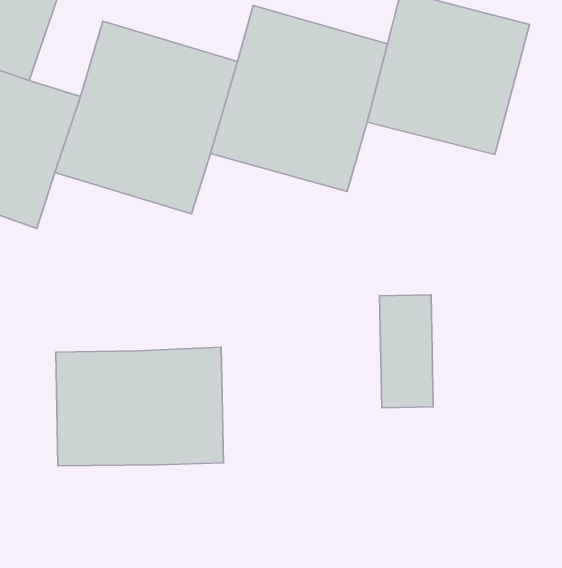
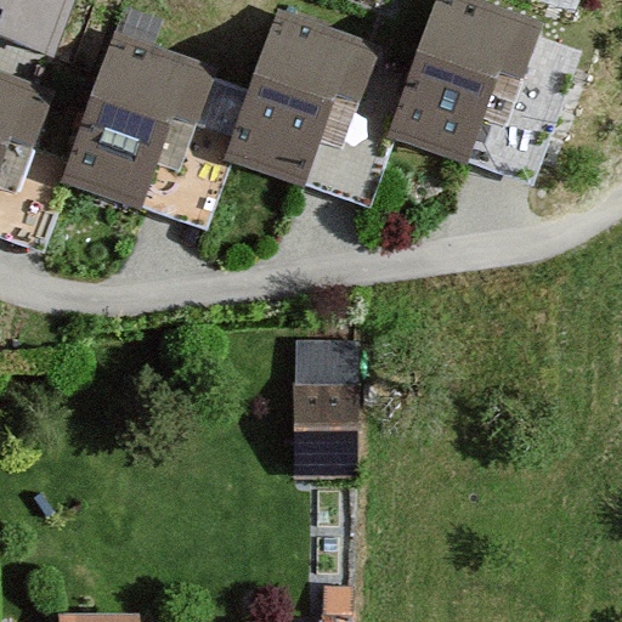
building: [380,295,433,408] -> [287,340,345,463]
building: [56,347,224,466] -> none

